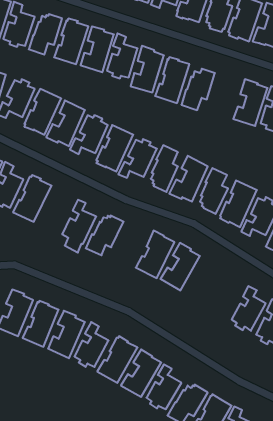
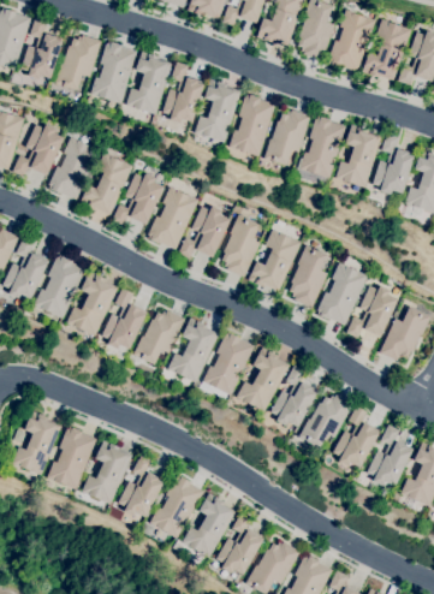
building: none -> [299,115,346,178]
building: none -> [66,272,118,337]
building: none -> [167,317,219,382]
building: none -> [270,366,319,427]
building: none -> [298,394,352,449]

